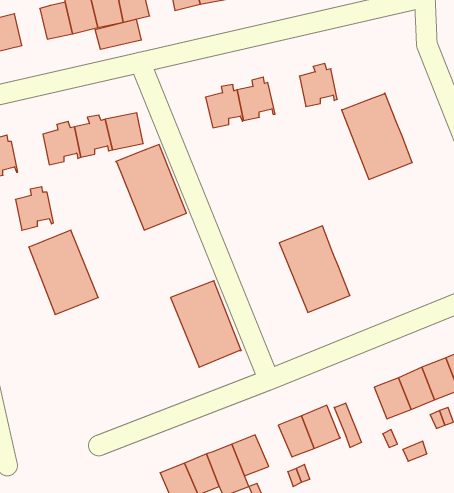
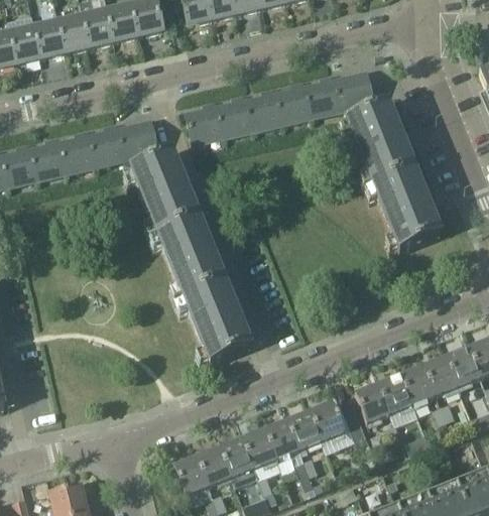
building: none -> [35,21,67,56]
building: [95,19,141,49] -> none
building: none -> [338,72,375,118]
building: none -> [277,81,314,122]
building: none -> [188,101,225,142]
building: [15,187,53,230] -> [32,136,69,177]
building: [279,226,350,312] -> [374,168,442,251]
building: [29,230,98,315] -> [159,217,226,297]
building: none -> [356,383,391,422]
building: none -> [265,419,300,459]

